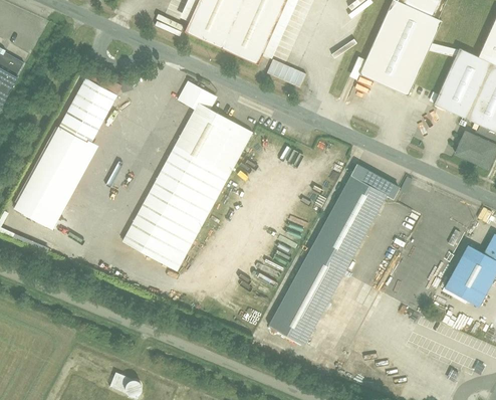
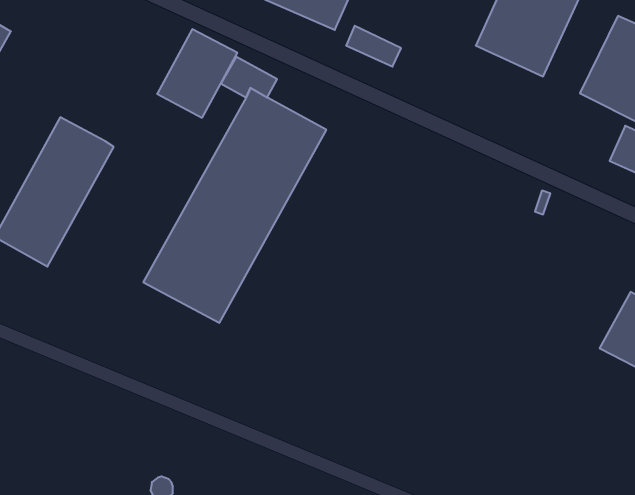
building: [62,77,119,141] -> [157,29,237,118]
building: [269,165,399,345] -> none

